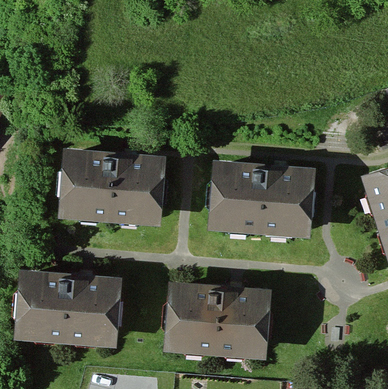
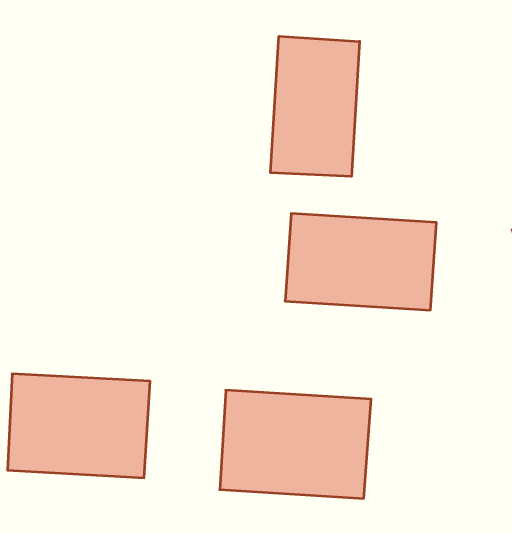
building: none -> [271,36,360,176]
building: [59,158,163,218] -> none

